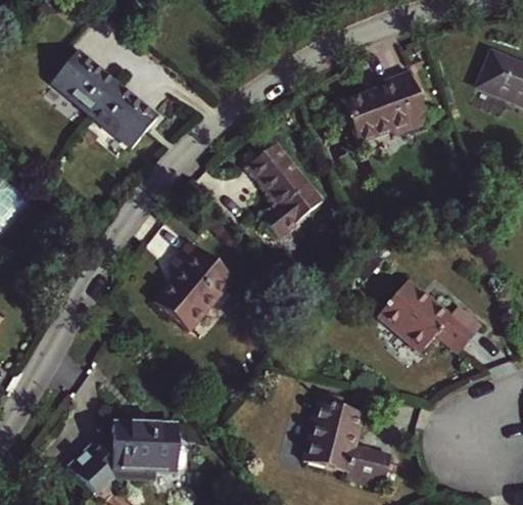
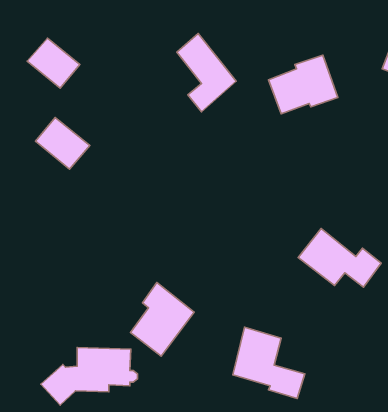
building: [93,83,158,145] -> [35,117,90,169]
building: [248,142,320,236] -> [177,34,236,112]
building: [156,240,233,329] -> [131,282,194,356]

